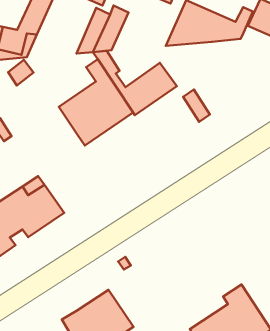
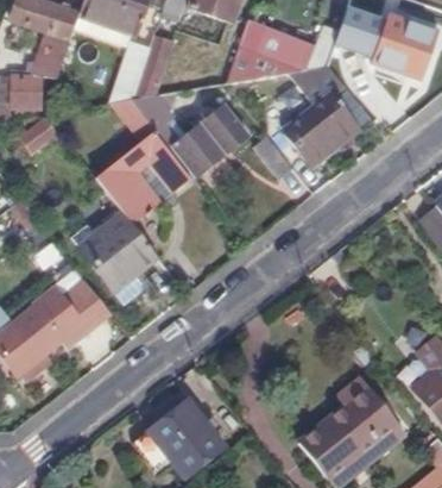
building: none -> [286,61,361,159]
building: none -> [83,205,164,286]

